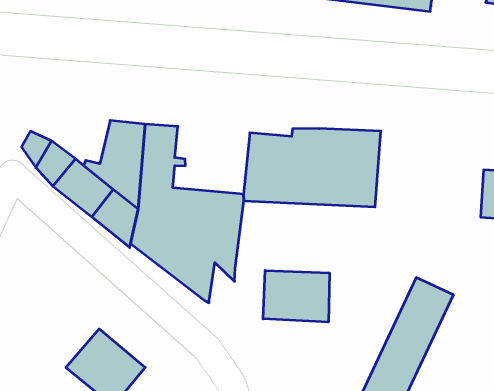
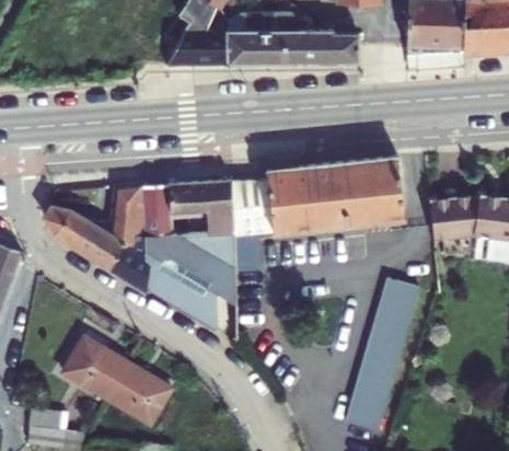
building: none -> [170,184,232,239]
building: none -> [338,161,402,230]
building: [263,270,329,322] -> none
building: none -> [62,337,129,401]

